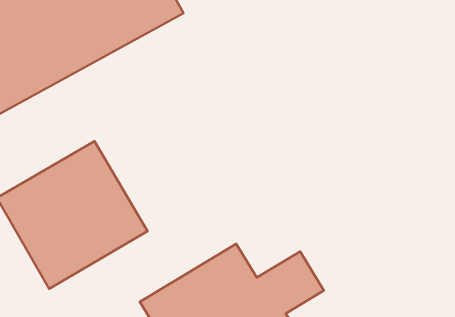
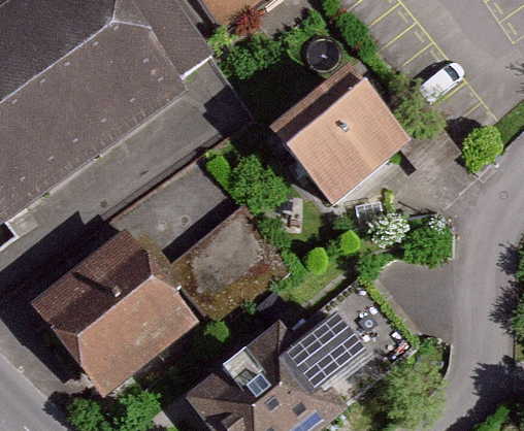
building: none -> [270,64,420,211]

